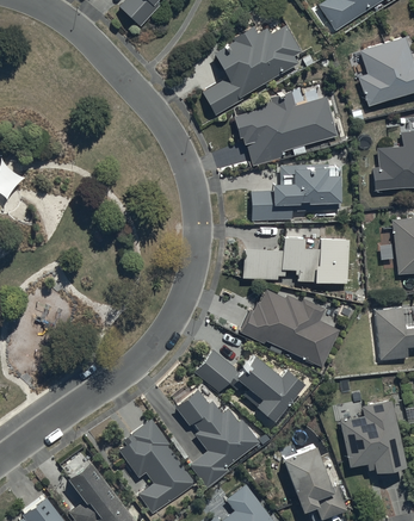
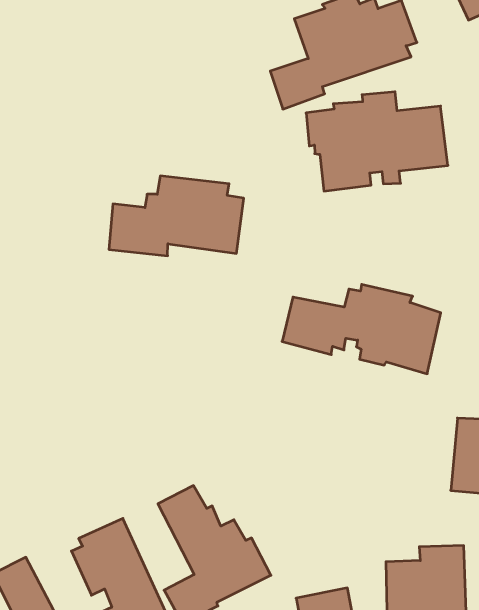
building: [249,163,341,223] -> [109,176,244,256]
building: [236,289,340,370] -> none
building: [193,349,305,421] -> none

